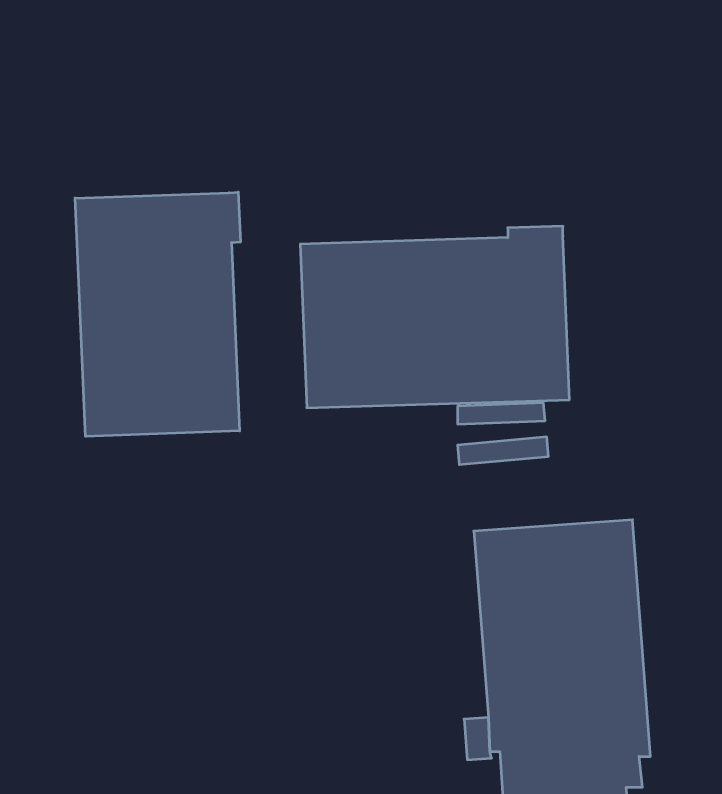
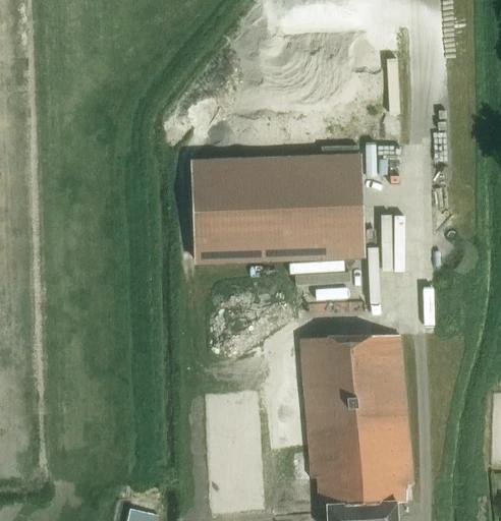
building: [75,192,240,436] -> none

